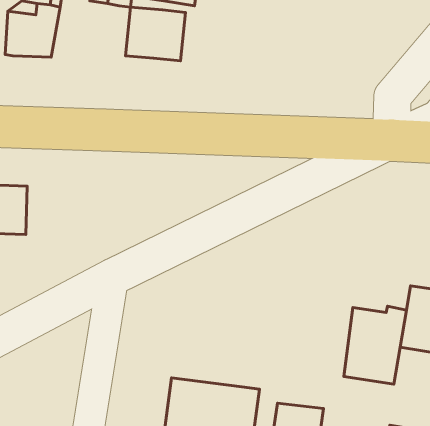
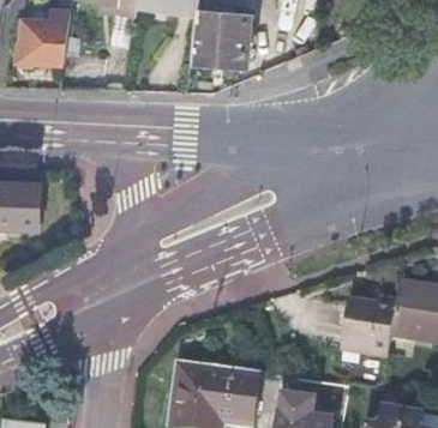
building: [125,7,186,61] -> [191,16,247,66]

